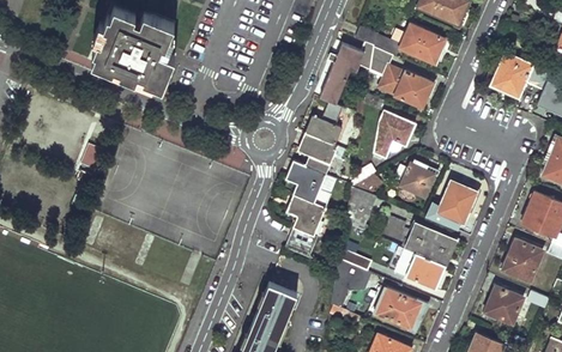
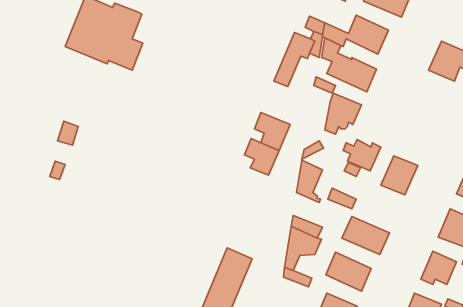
building: [306,102,344,145] -> none
building: [285,194,327,259] -> none
building: [406,224,458,266] -> none

